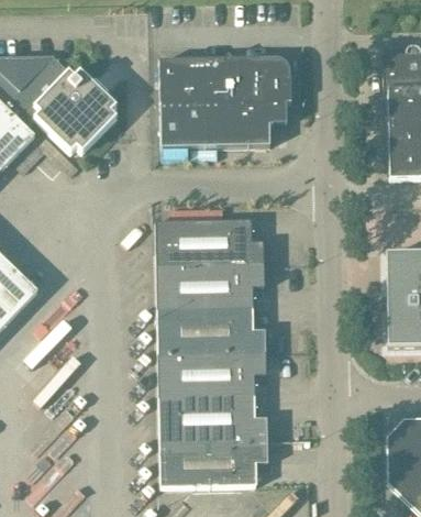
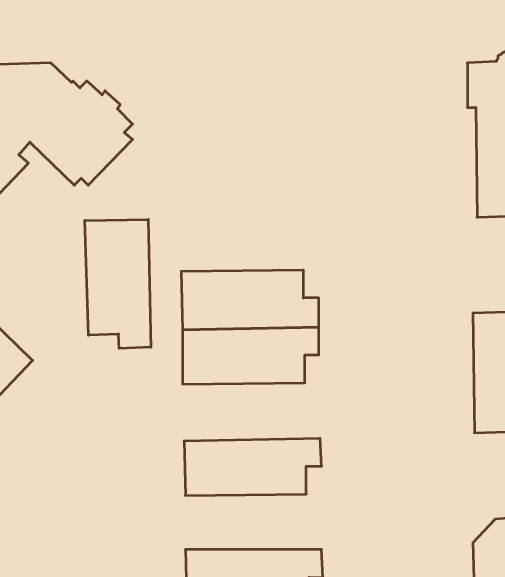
building: [159,53,292,146] -> none
building: none -> [85,219,151,348]
building: [157,308,266,354] -> none
building: [159,396,267,440] -> none

